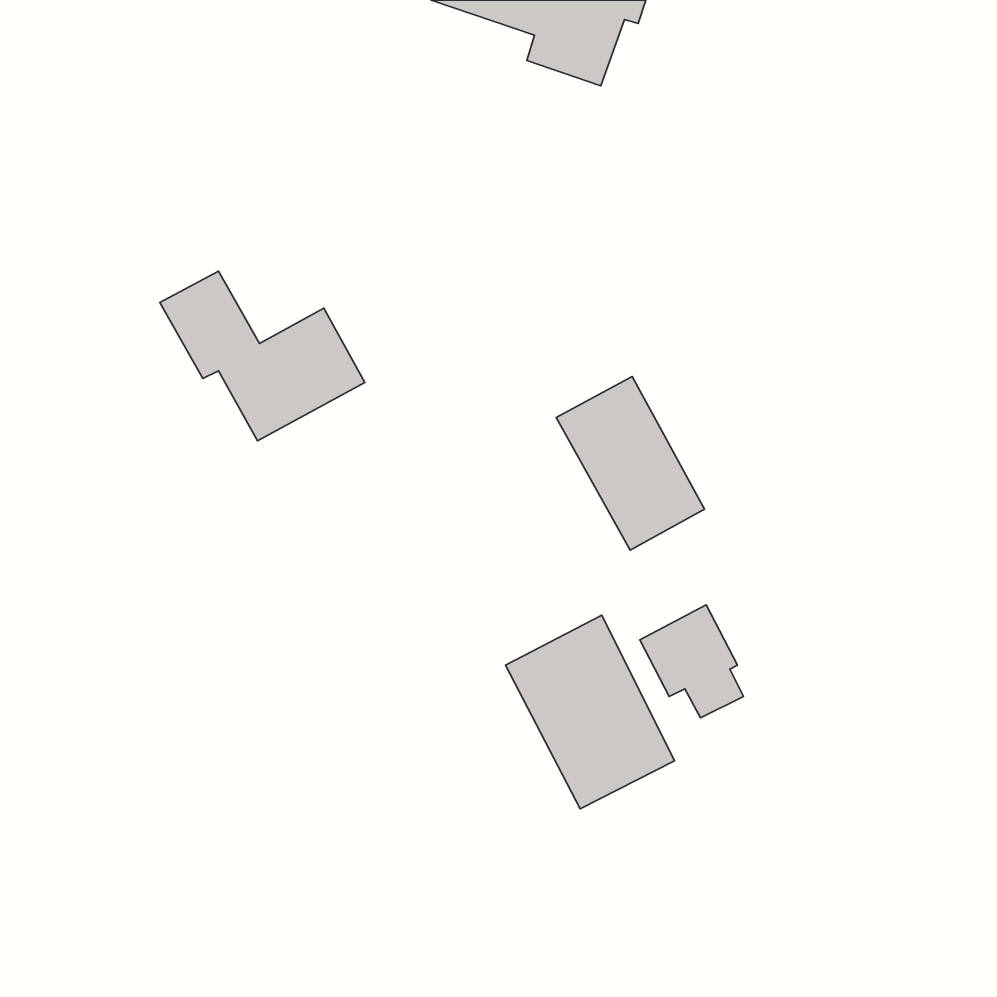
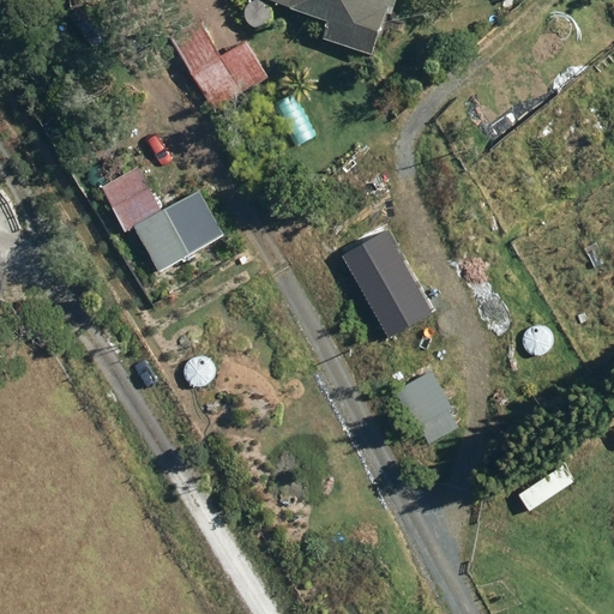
building: none -> [170,19,267,108]
building: [506,615,675,809] -> none

